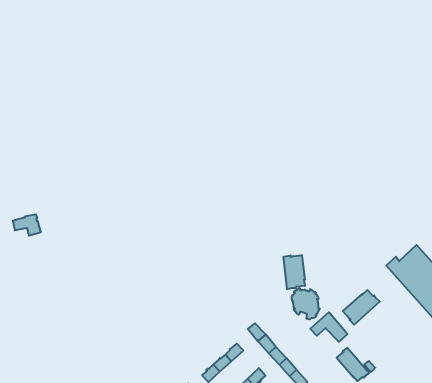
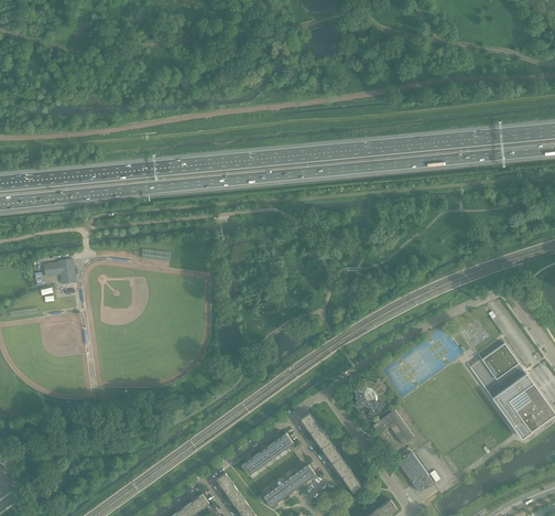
building: [284,255,305,289] -> none
building: [343,290,380,325] -> none

